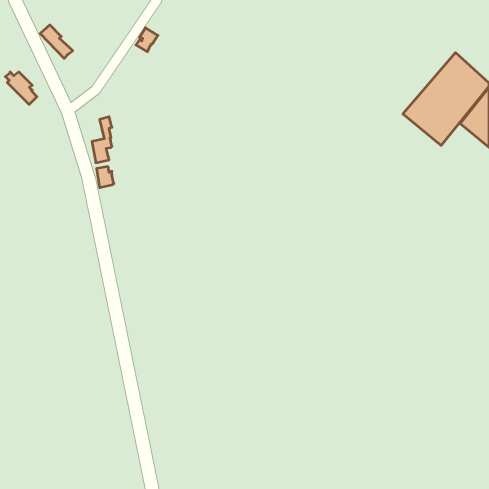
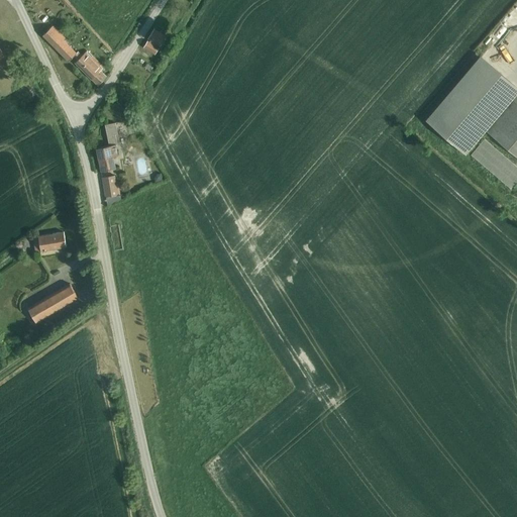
building: [5,72,37,104] -> [73,51,106,86]
building: none -> [38,232,67,251]
building: none -> [28,285,79,323]

